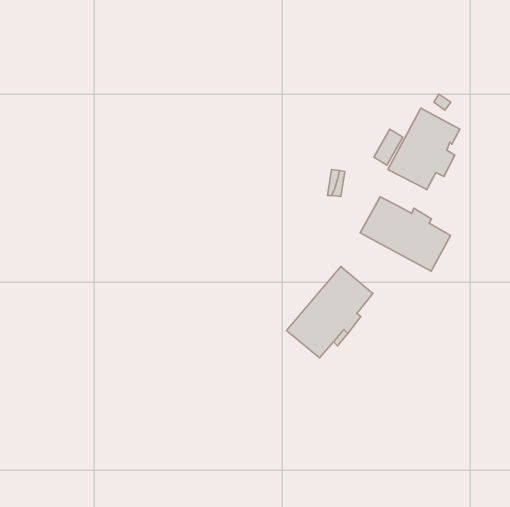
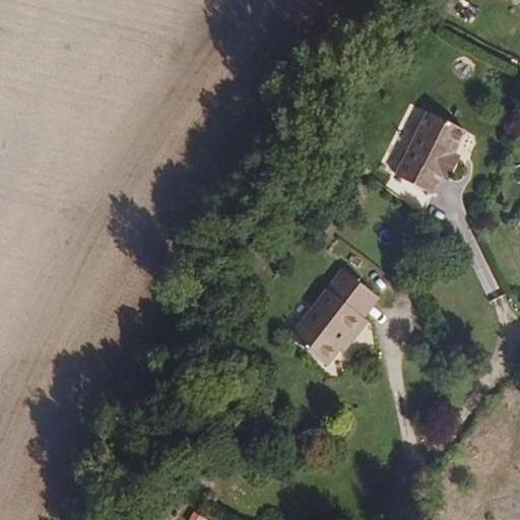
building: [360,197,451,271] -> none

